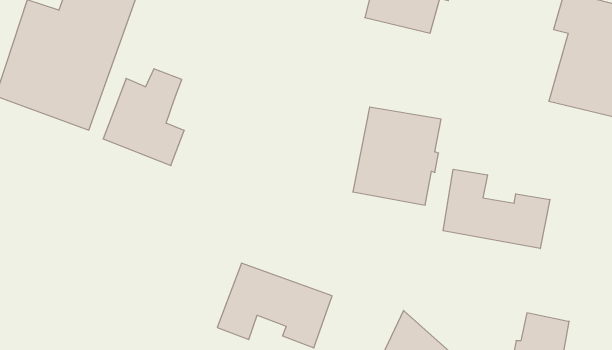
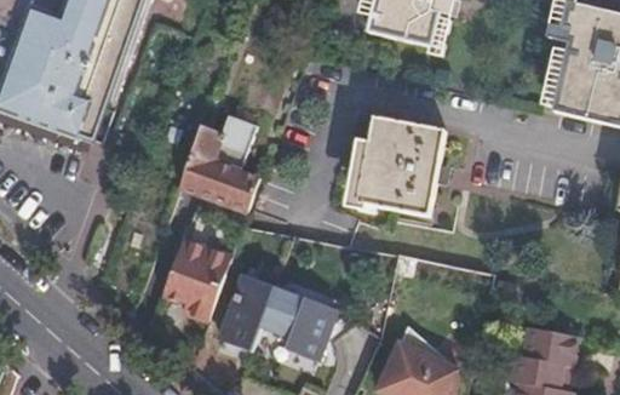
building: [103,69,184,166] -> [179,115,260,212]
building: [443,169,550,249] -> none
building: none -> [161,237,231,322]

